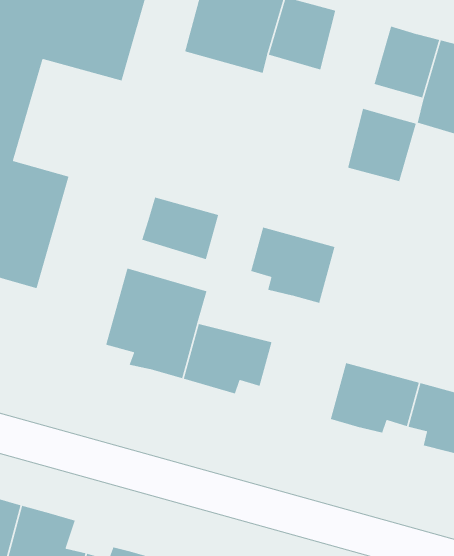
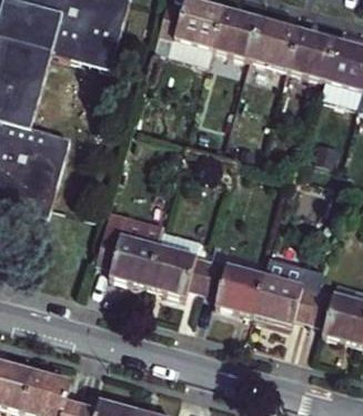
building: [347,108,417,182] -> [252,18,302,71]
building: [141,196,219,260] -> none
building: [250,226,335,304] -> [209,255,270,311]

